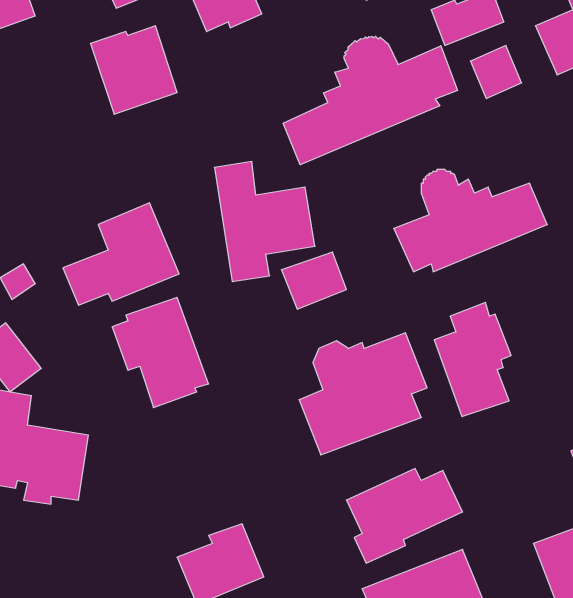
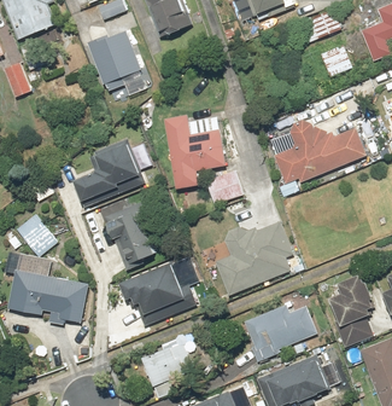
building: [283,36,457,165] -> none
building: [434,302,511,417] -> [327,274,374,344]
building: none -> [118,261,198,314]

